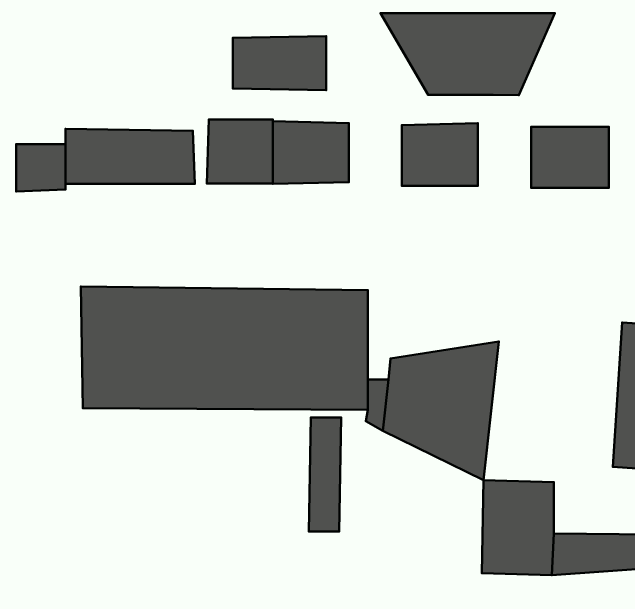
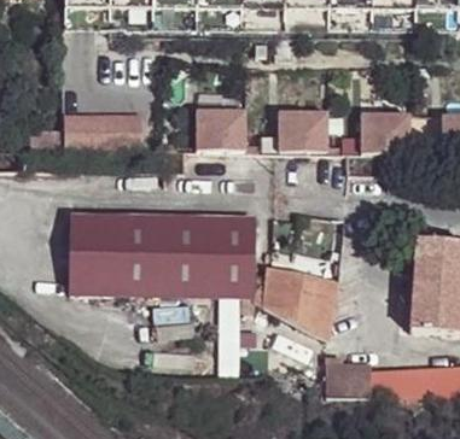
building: [380,13,555,95] -> none
building: [233,36,326,90] -> none
building: [207,120,273,183] -> none

